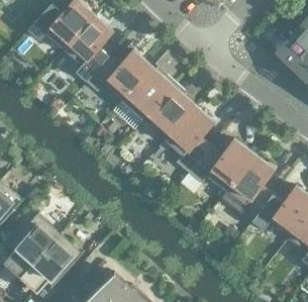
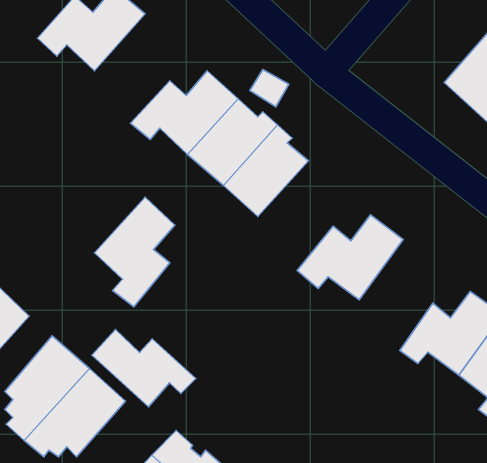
building: [64,15,113,83] -> none
building: [165,106,214,174] -> [95,197,175,307]
building: [221,155,275,223] -> none
building: none -> [92,330,196,407]

